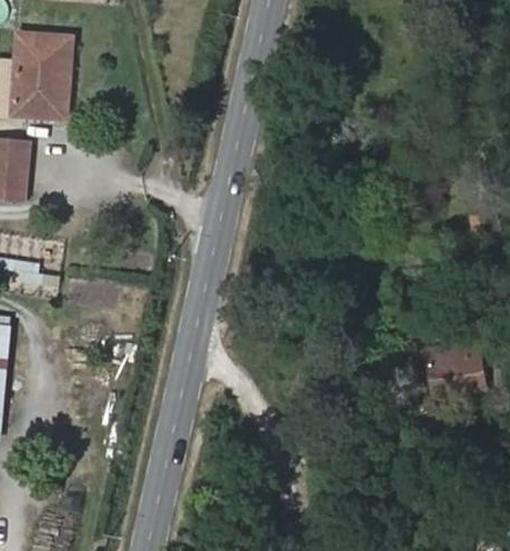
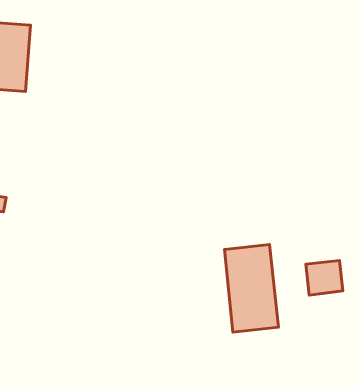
building: none -> [225,245,279,332]

